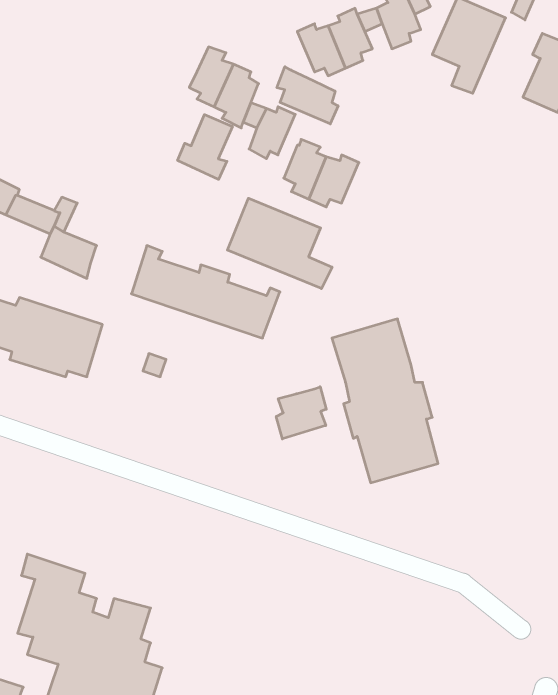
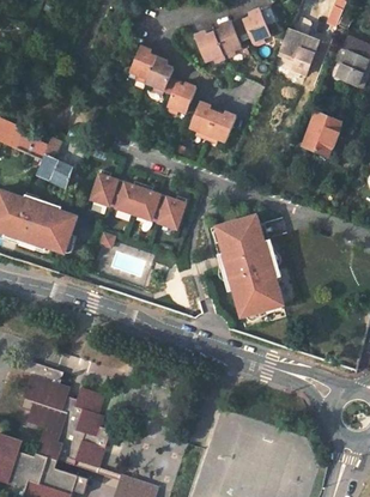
building: [277,67,338,124] -> none
building: [178,115,232,179] -> none
building: none -> [301,111,339,156]
building: [227,198,332,289] -> none
building: [276,387,326,439] -> none

